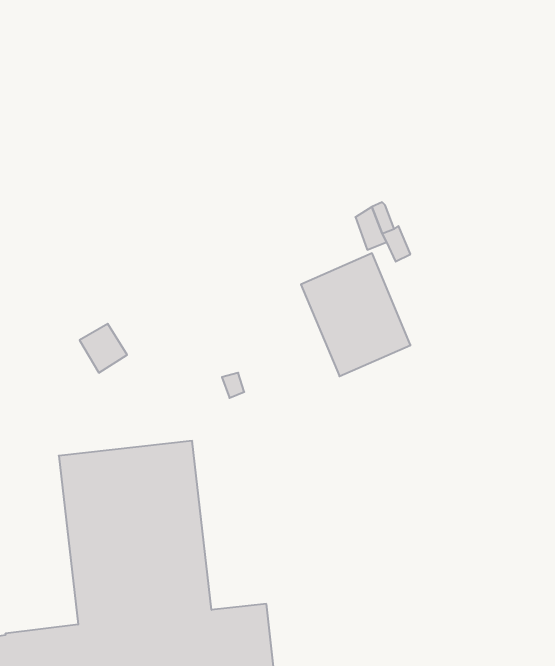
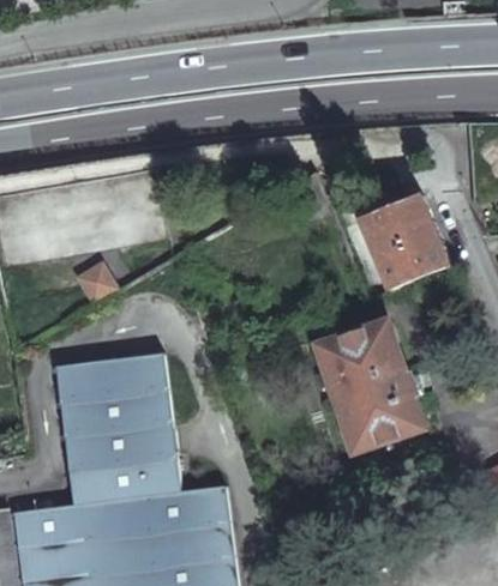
building: [301,253,411,376] -> [359,192,448,291]
building: none -> [319,322,421,452]

